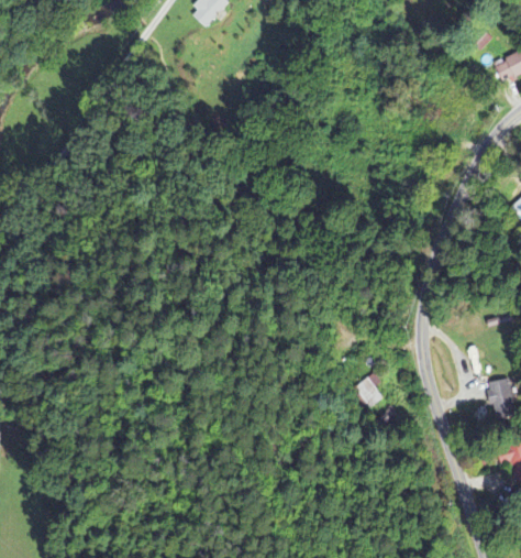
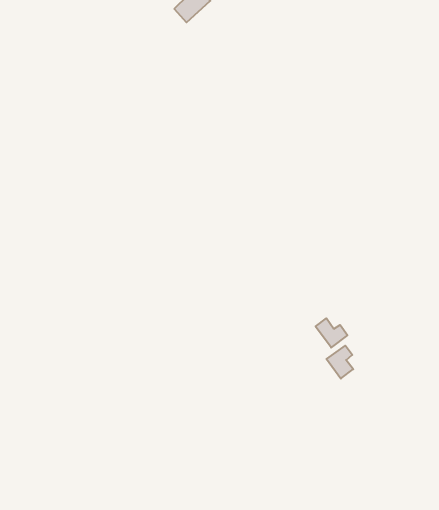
building: none -> [316,318,347,348]

